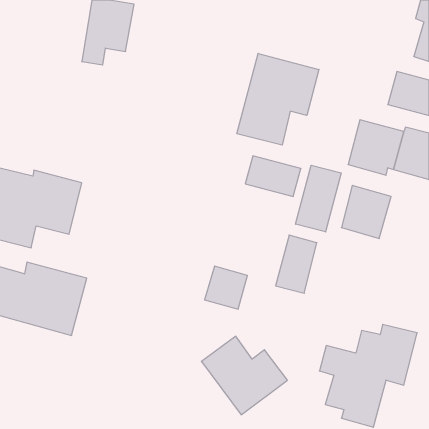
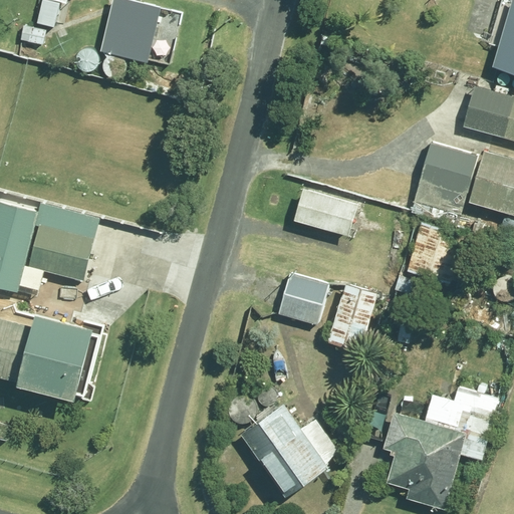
building: [237,53,319,145] -> none
building: [296,165,341,232] -> none
building: [205,266,247,309] -> [277,274,328,325]

